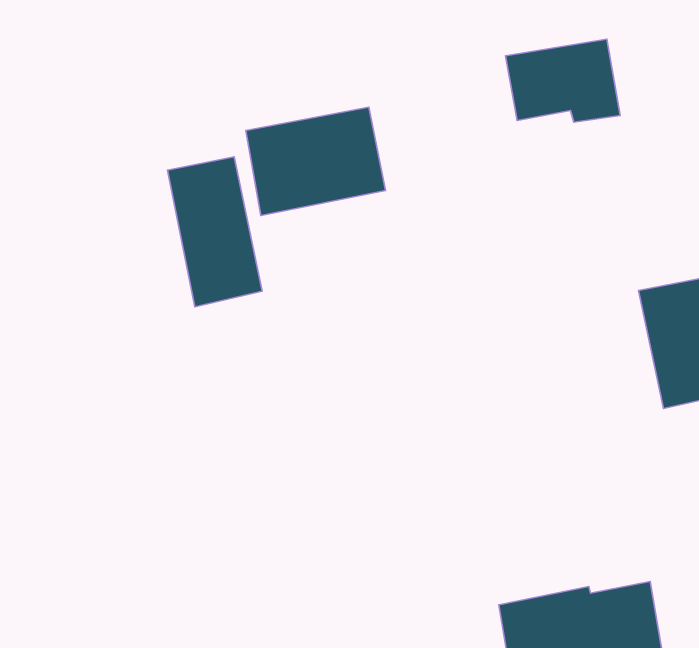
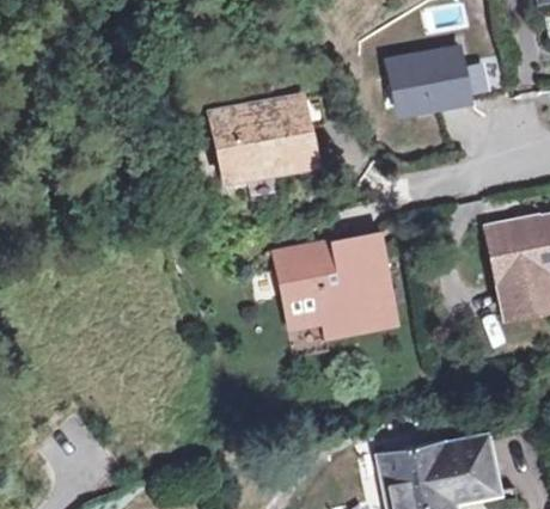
building: [167,157,262,307] -> none
building: none -> [269,233,387,333]

